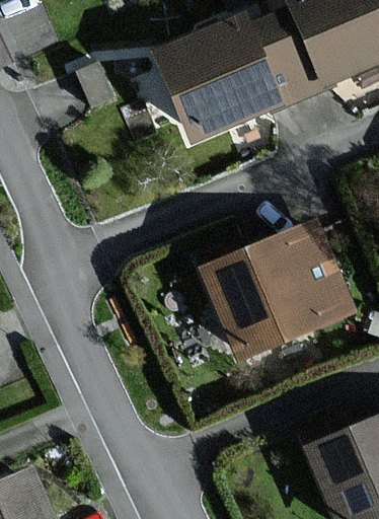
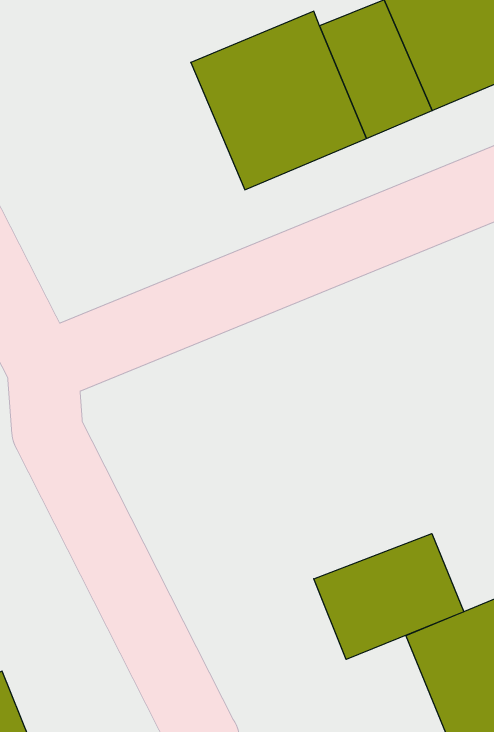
building: [204,223,352,354] -> none
building: none -> [314,534,464,659]

